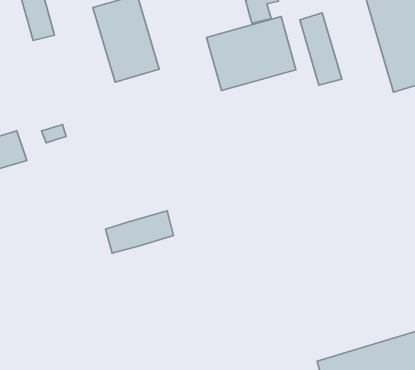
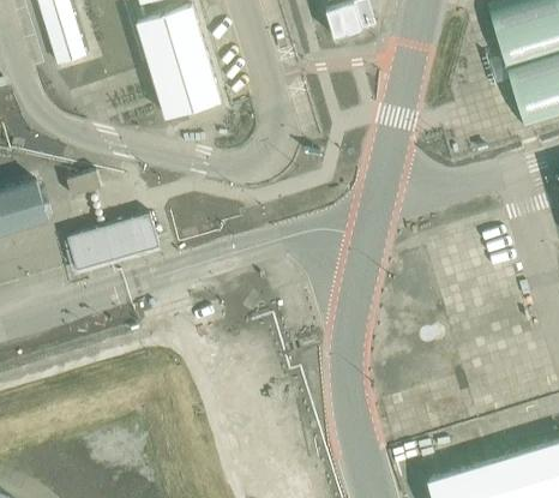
building: [300,13,342,85] -> none
building: [206,16,296,90] -> none
building: [106,211,174,253] -> [70,215,158,270]

